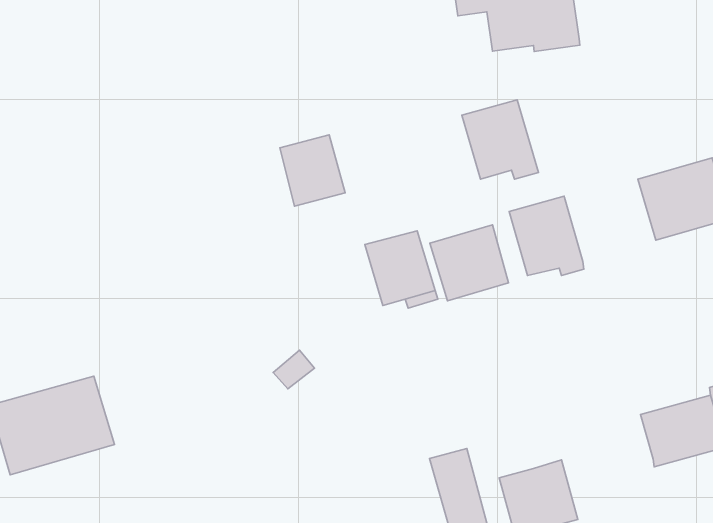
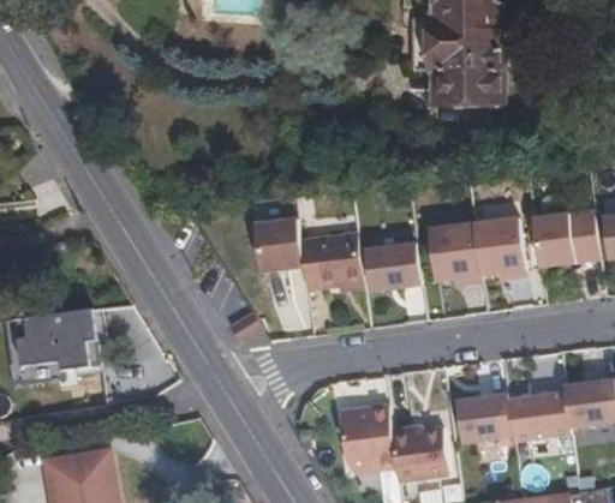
building: [462,100,538,179] -> [473,217,526,279]
building: [280,135,345,206] -> [257,220,303,271]
building: none -> [456,394,513,442]

